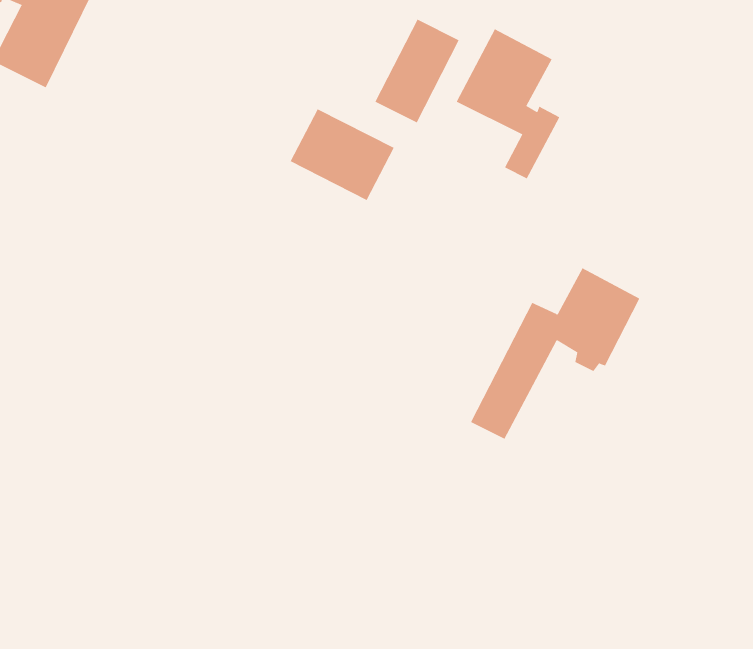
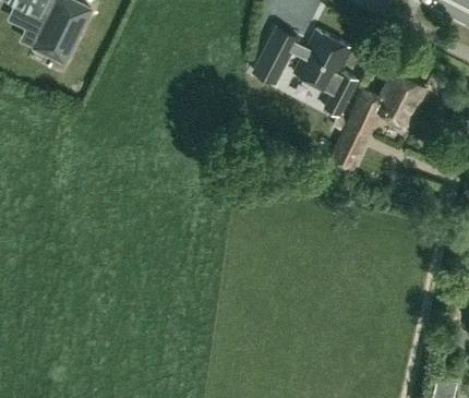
building: [290,108,394,201] -> none
building: [470,268,640,439] -> [330,71,426,168]

